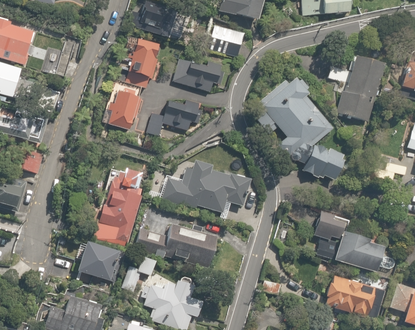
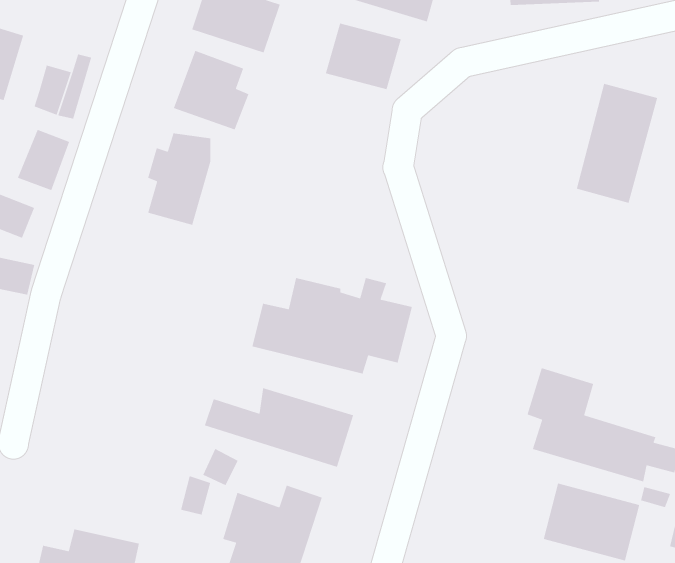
building: [174,54,228,91] -> none
building: [256,76,344,182] -> none
building: [161,96,204,132] -> none
building: [94,169,143,243] -> none
building: [76,242,118,280] -> none

